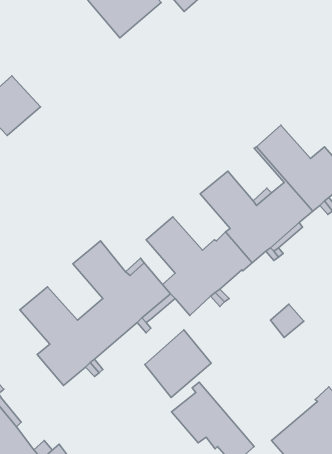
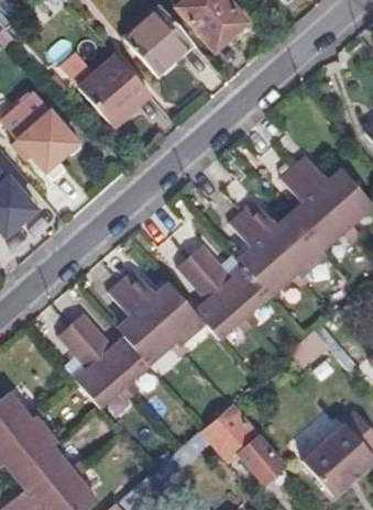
building: none -> [77,53,150,124]
building: [145,330,211,397] -> none

